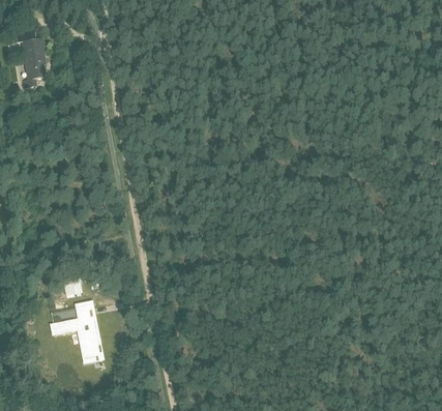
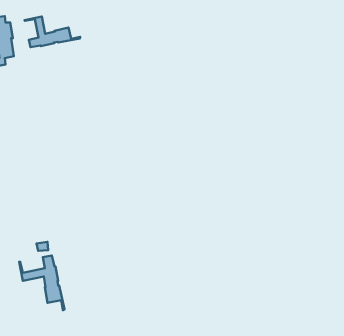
building: none -> [24,16,80,47]

